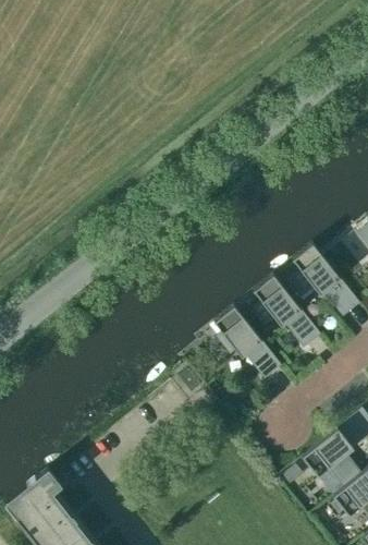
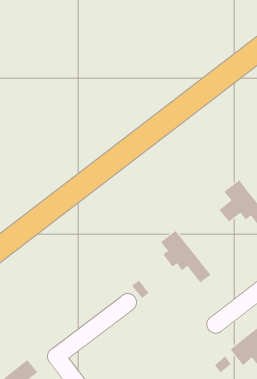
building: [255,276,323,343] -> none

